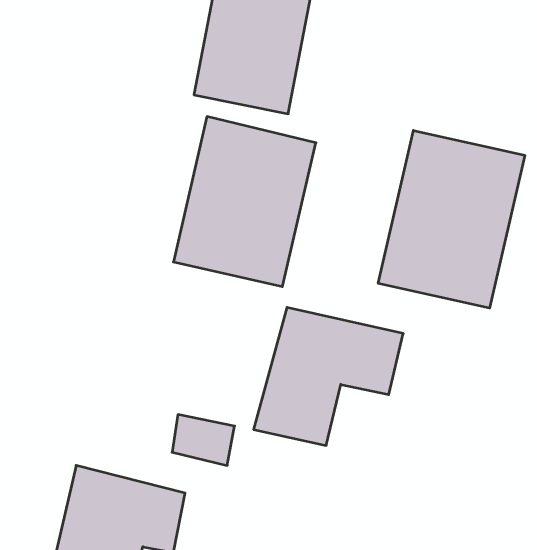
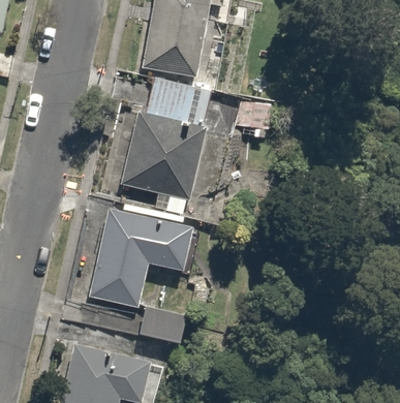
building: [378,130,525,308] -> none
building: [254,307,403,445] -> [74,205,181,303]

